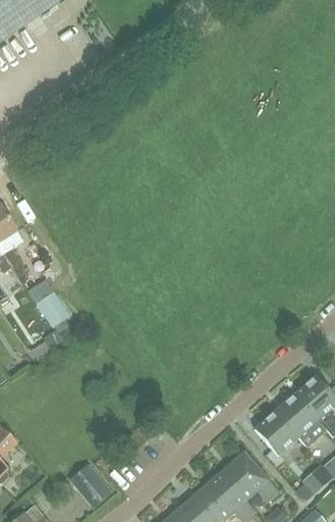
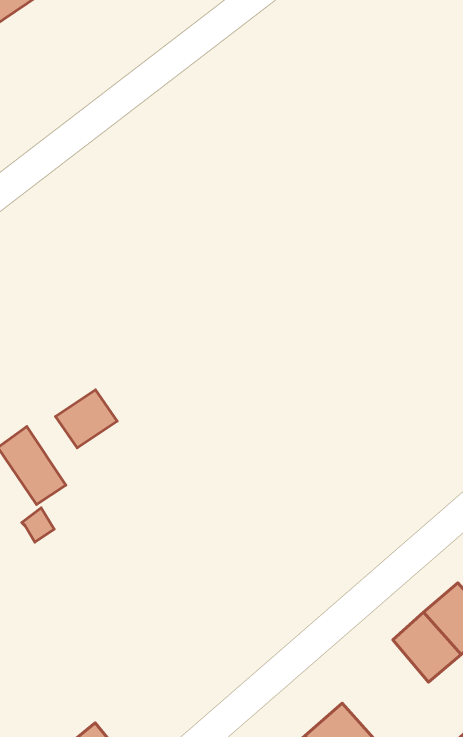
building: none -> [55,390,117,448]
building: [255,411,297,455] -> none

